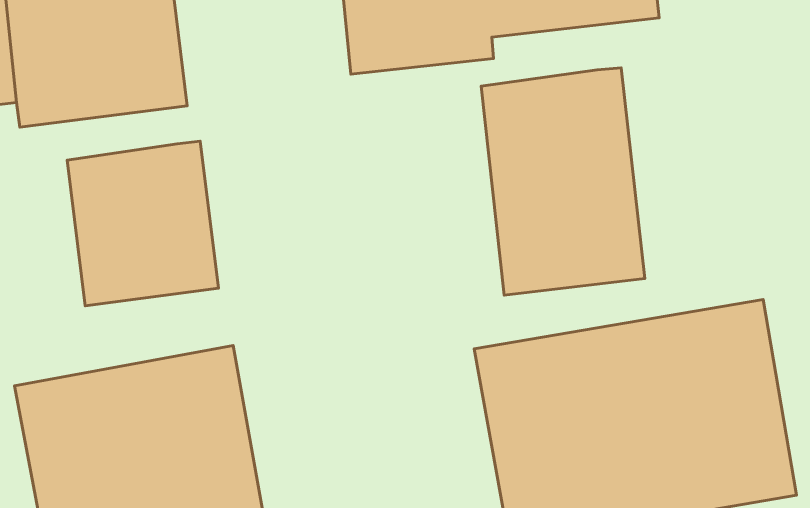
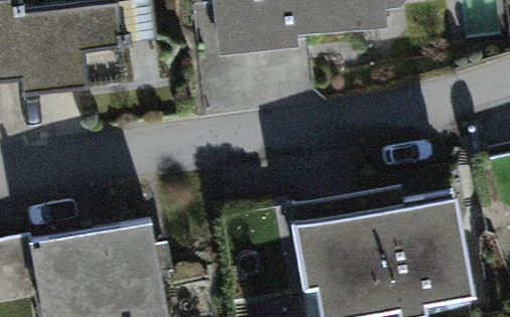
building: [481,68,645,295] -> none
building: [67,141,219,306] -> none

